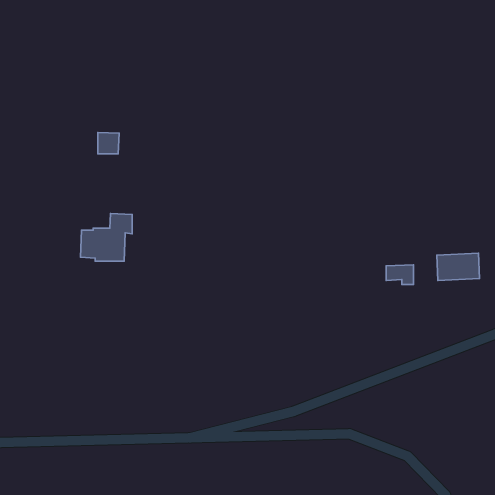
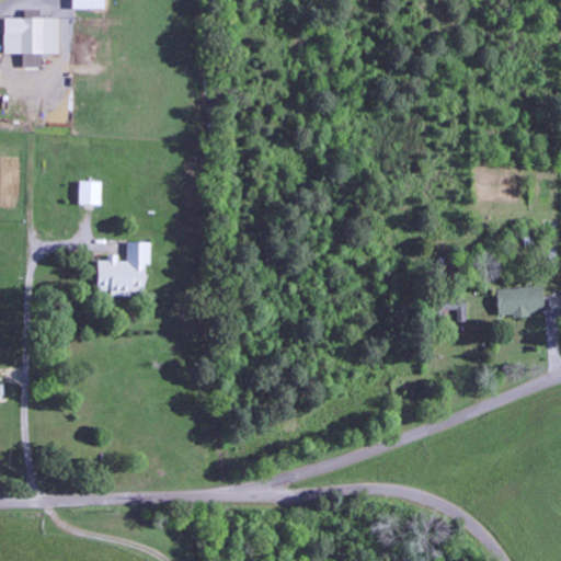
building: none -> [8,19,65,55]
building: [98,132,119,154] -> [77,181,101,205]

